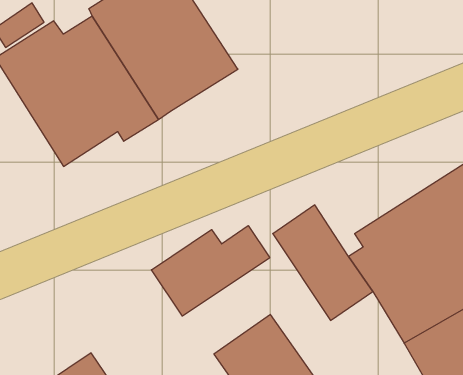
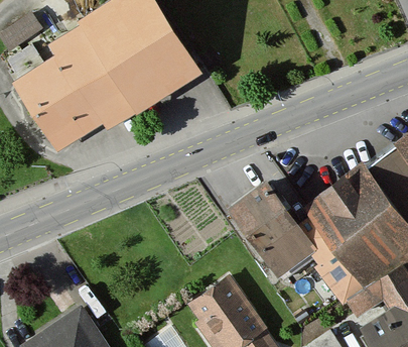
building: [151,226,270,316] -> none

